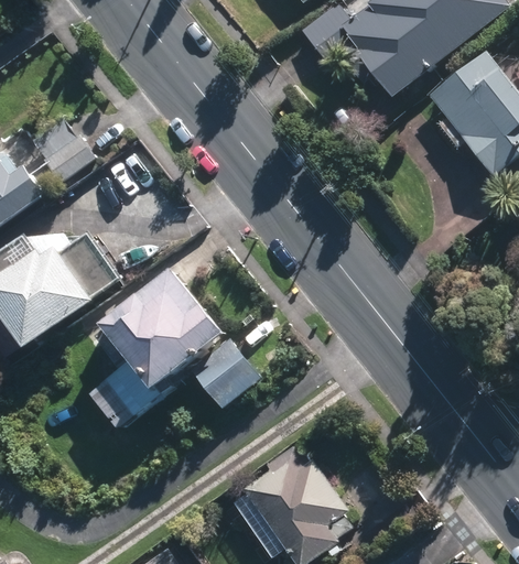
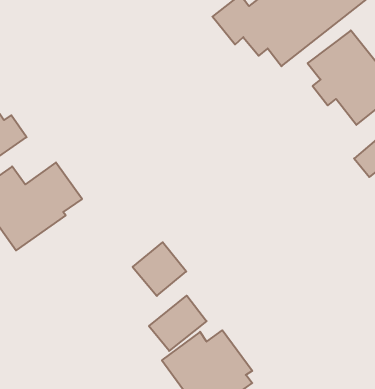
building: [30,117,93,181] -> none
building: [89,265,230,427] -> none
building: none -> [149,296,207,351]

